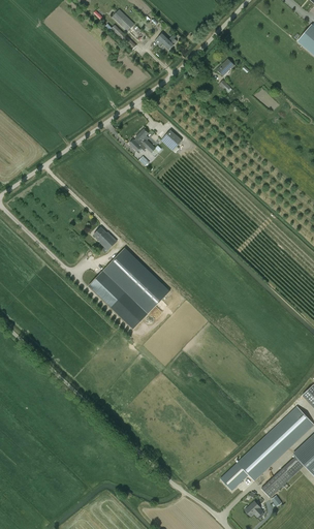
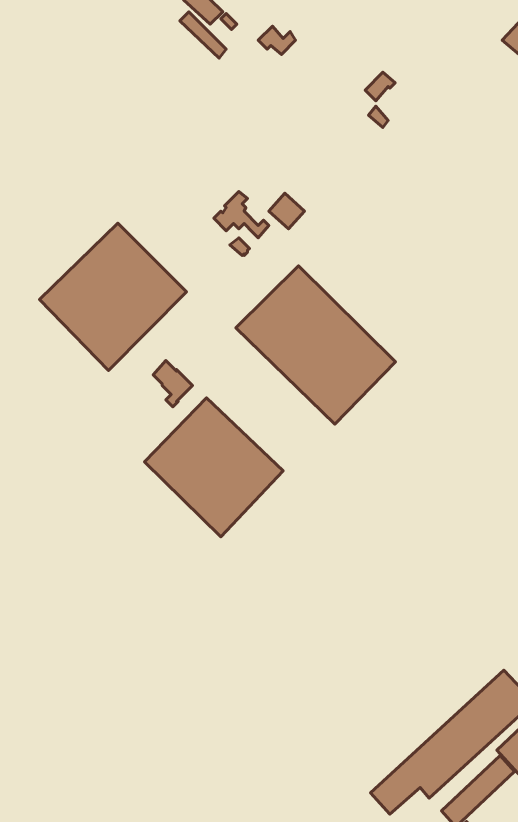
building: none -> [40,223,187,370]
building: none -> [236,266,396,424]

